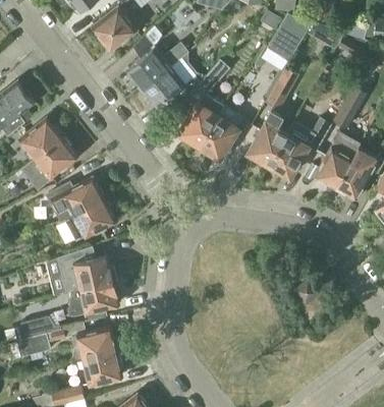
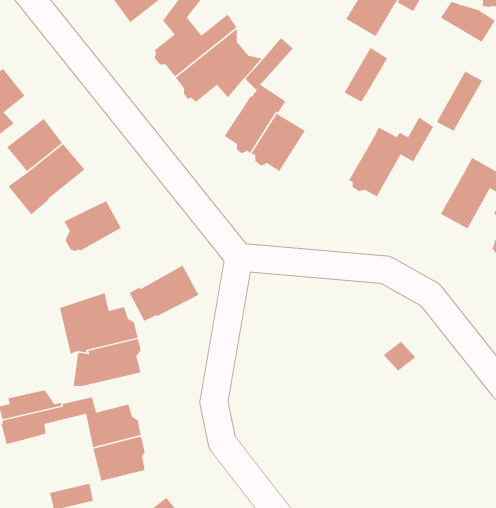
building: [248,110,287,164] -> none
building: [315,136,360,188] -> none
building: [64,198,116,240] -> [128,265,200,322]

